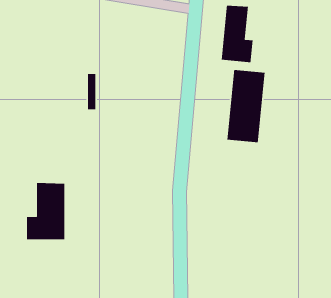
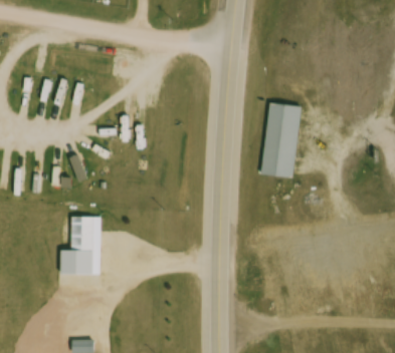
building: [221,5,253,63] -> none

